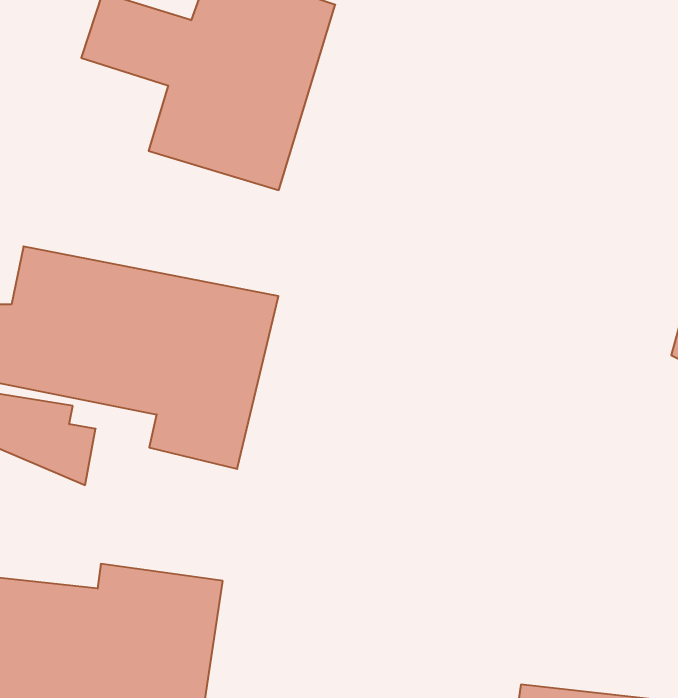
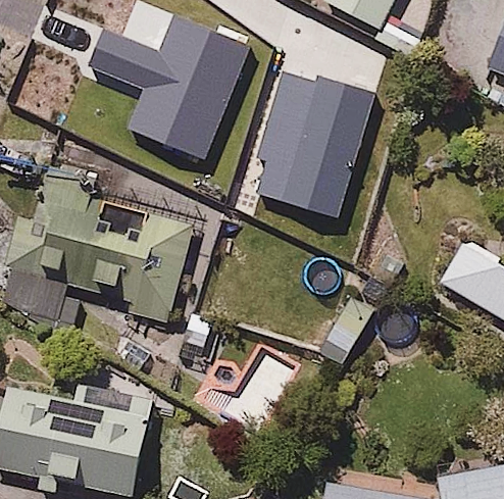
building: none -> [257,73,374,217]

